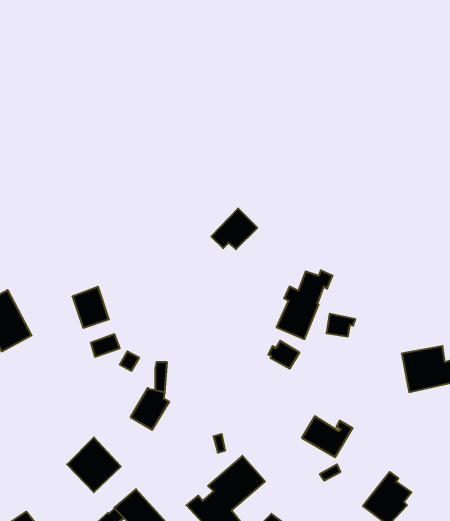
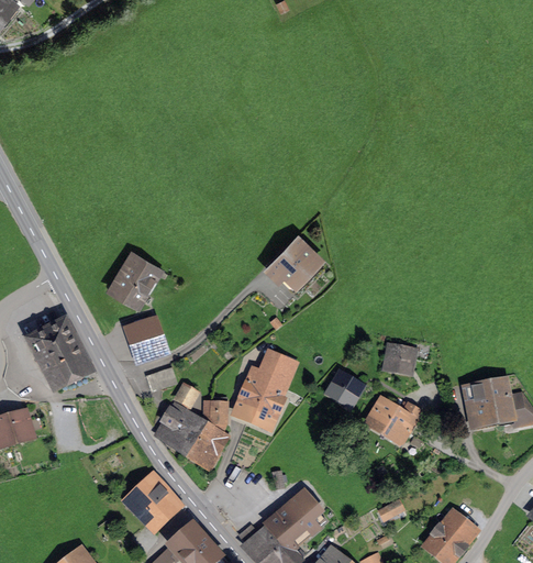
building: none -> [110,251,158,303]
building: [277,270,333,339] -> [238,354,296,424]
building: none -> [156,402,204,453]
building: [302,416,353,457] -> [368,400,420,442]

